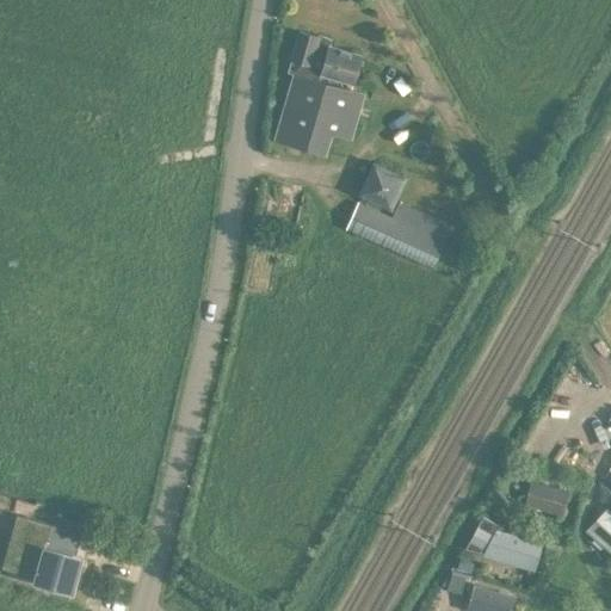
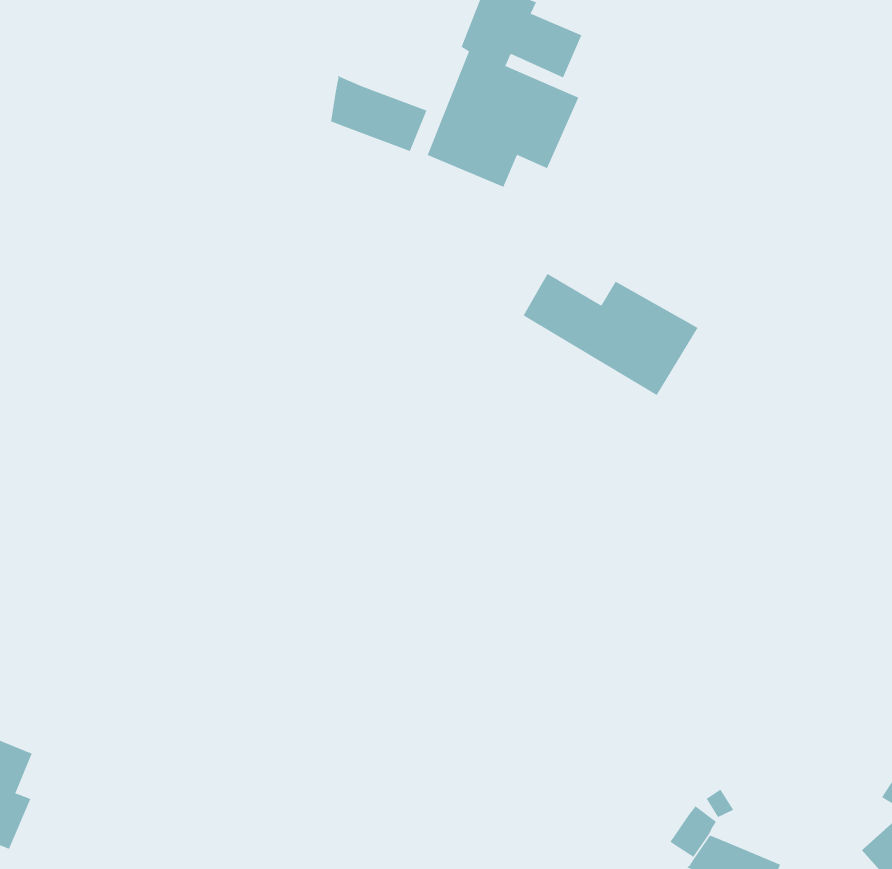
building: none -> [330,75,427,152]
building: [359,165,407,214] -> none
building: [524,482,568,516] -> none

